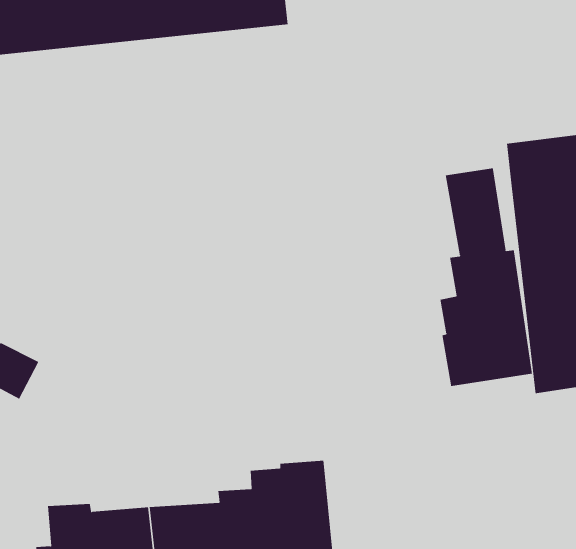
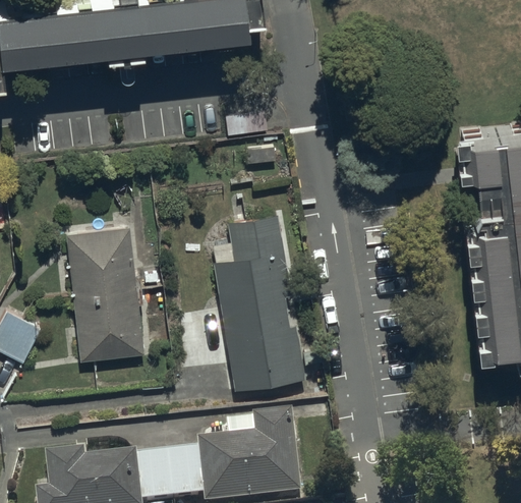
building: [440,168,532,387] -> none
building: none -> [213,218,304,393]
building: none -> [68,227,142,365]

